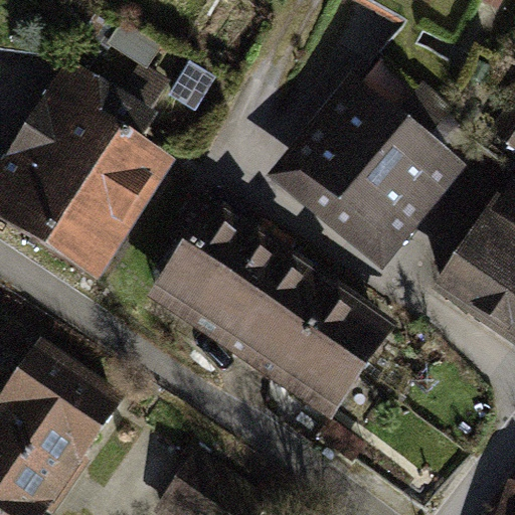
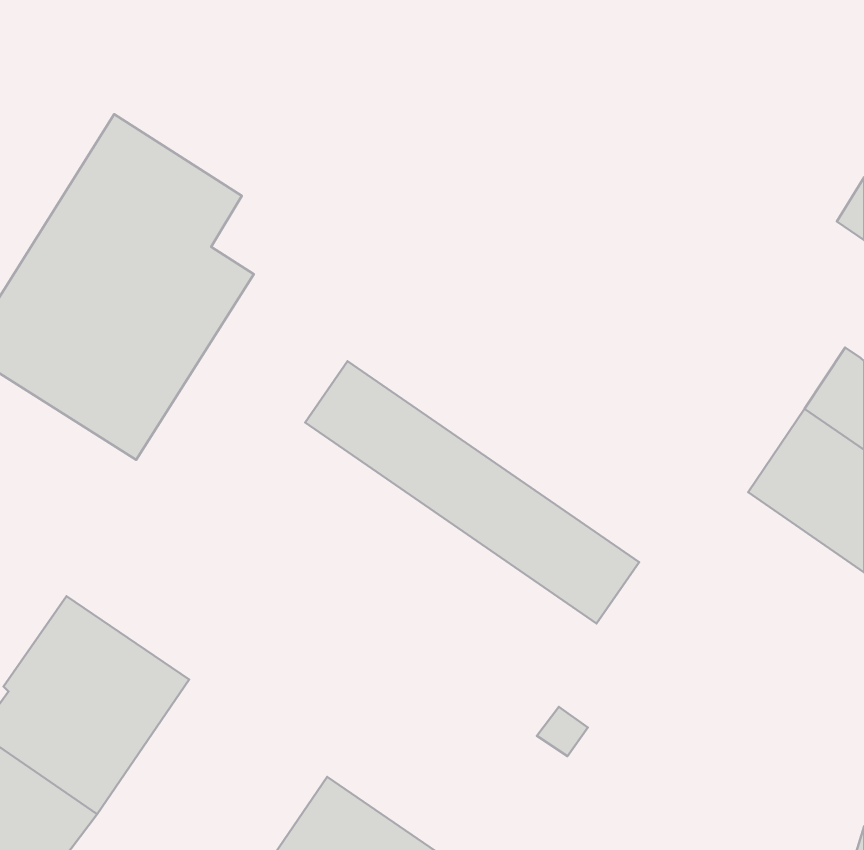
building: [303,65,448,246] -> none
building: [159,262,352,414] -> none

